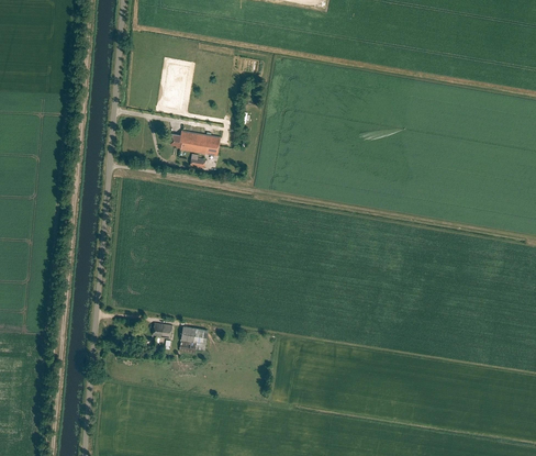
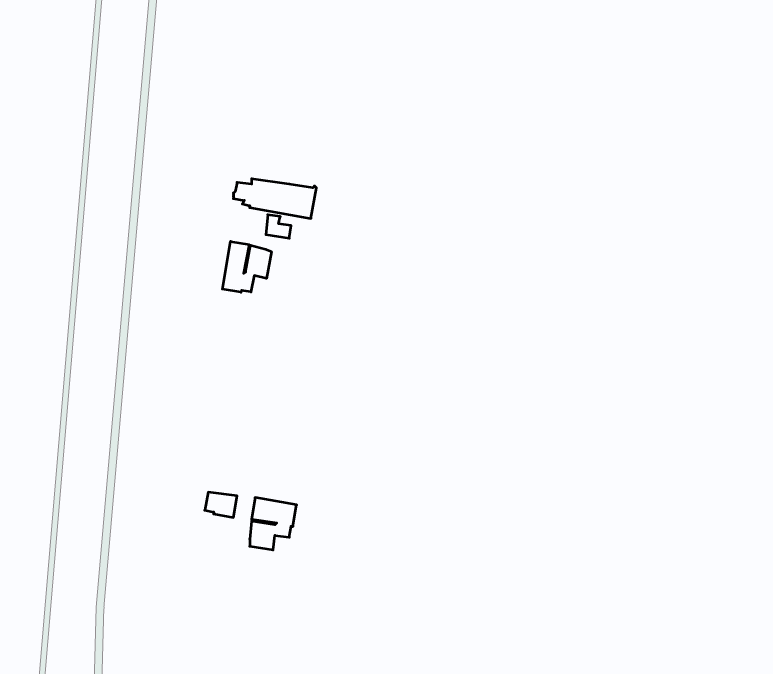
building: none -> [222,241,271,292]

